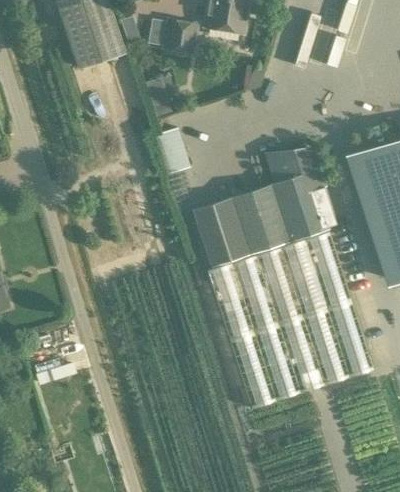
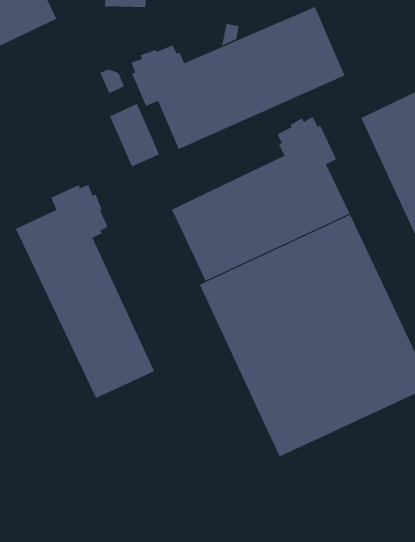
building: none -> [131,6,345,150]
building: none -> [15,184,155,399]

